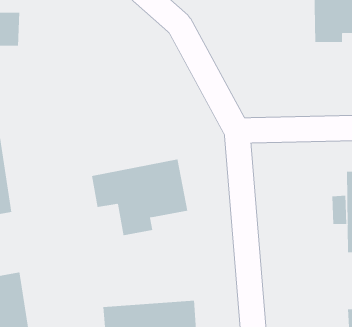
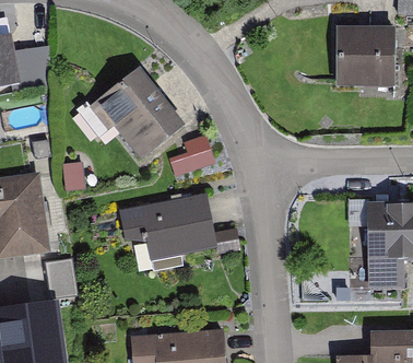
building: none -> [76,65,182,154]
building: none -> [173,137,216,176]
building: none -> [48,260,79,300]

